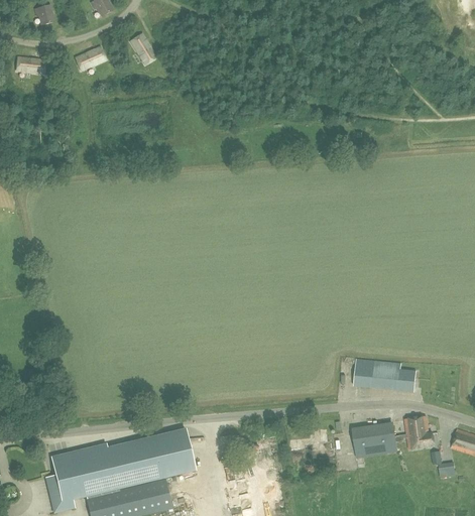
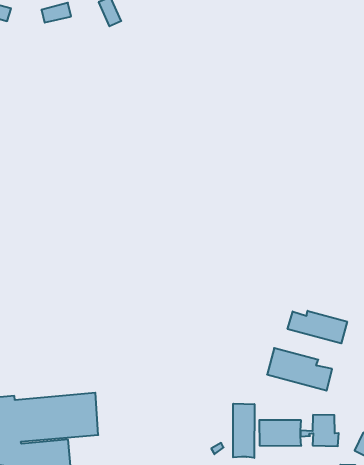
building: none -> [288,311,347,343]
building: none -> [233,404,254,458]

